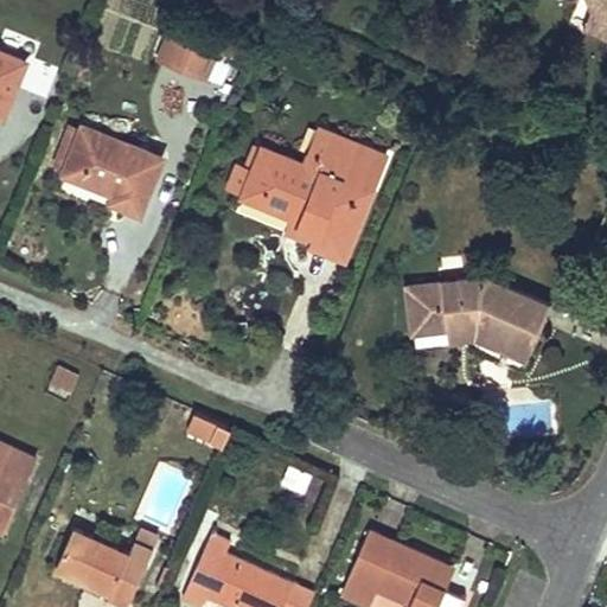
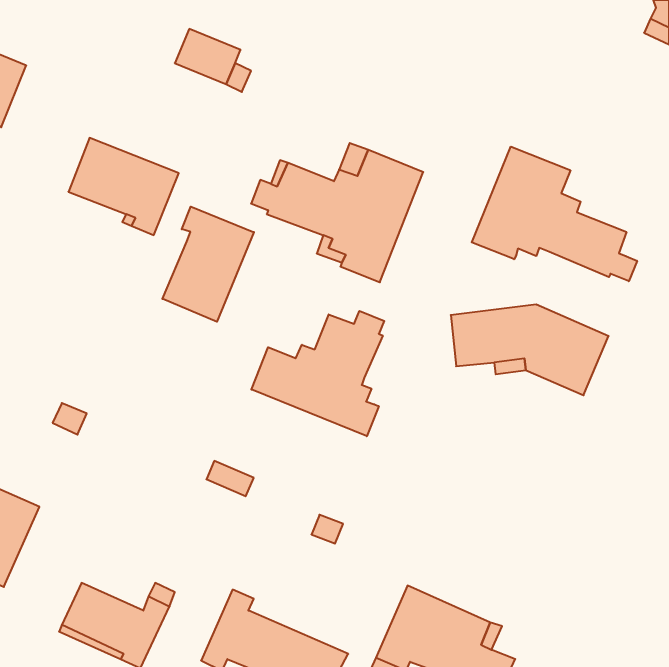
building: none -> [472,147,637,281]
building: none -> [162,207,254,322]
building: none -> [251,311,384,436]

